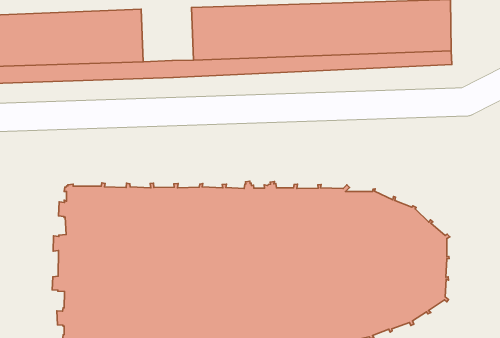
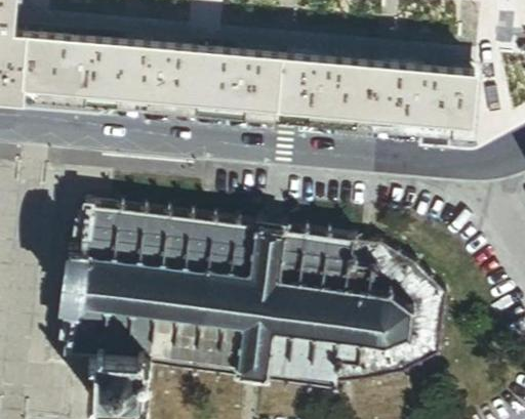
building: none -> [172,44,225,98]

